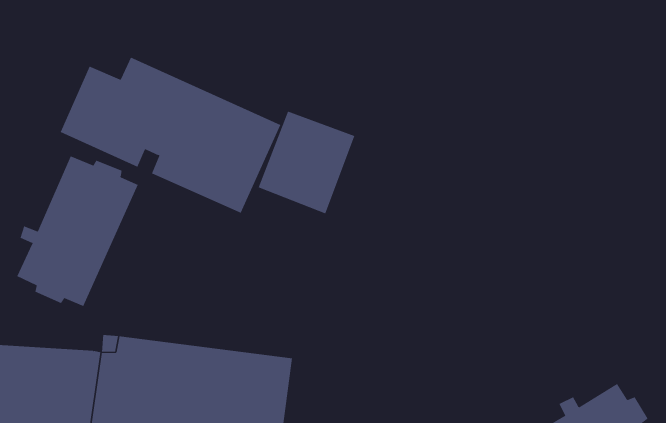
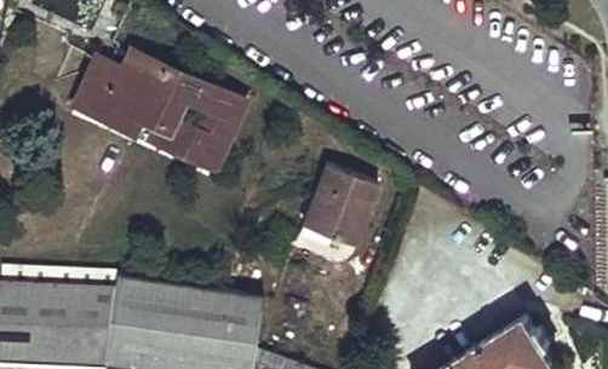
building: [258,111,355,214] -> [300,163,380,248]
building: [17,156,139,307] -> none

